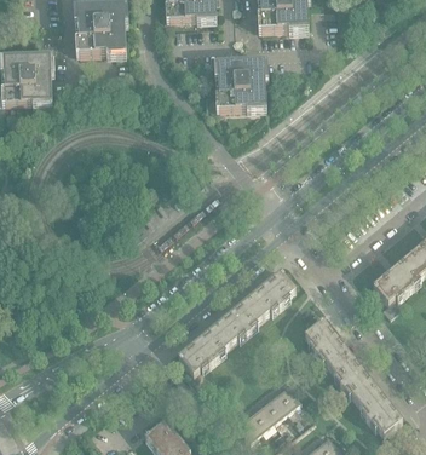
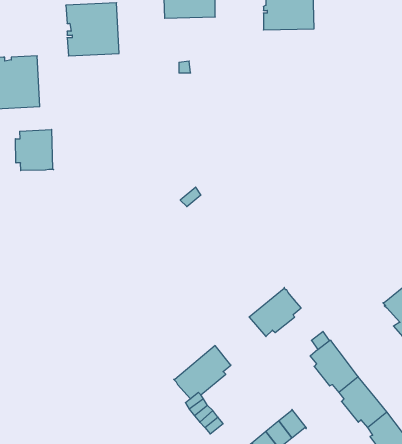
building: [217,58,266,108] -> none
building: none -> [15,129,54,171]
building: [215,296,263,341] -> none

